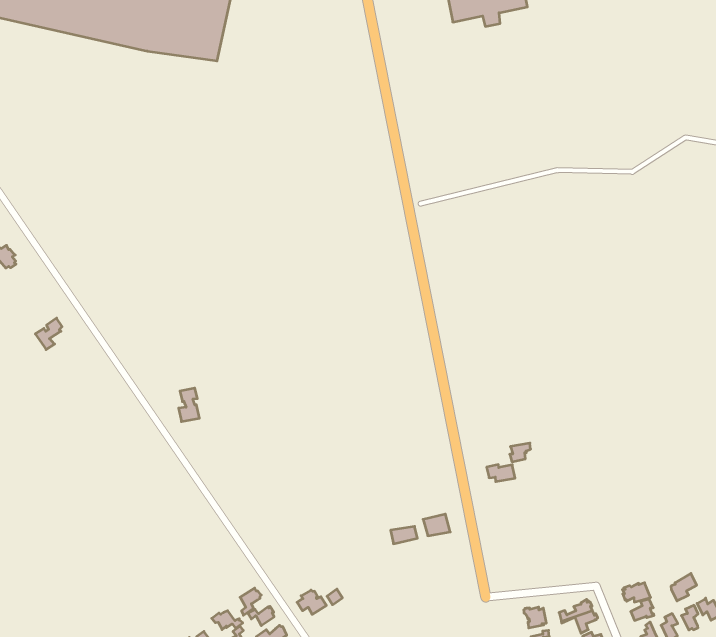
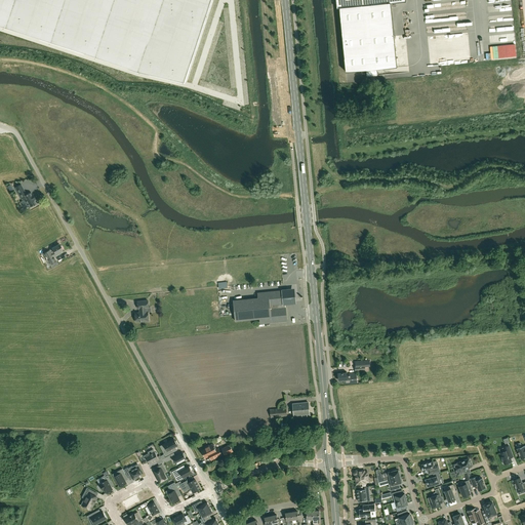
building: none -> [234,290,287,323]

